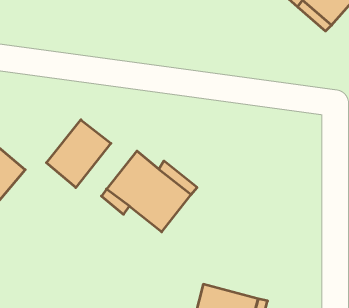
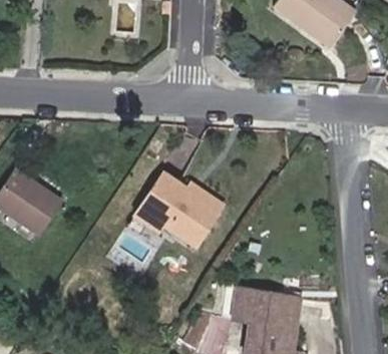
building: [46,120,111,188] -> none

